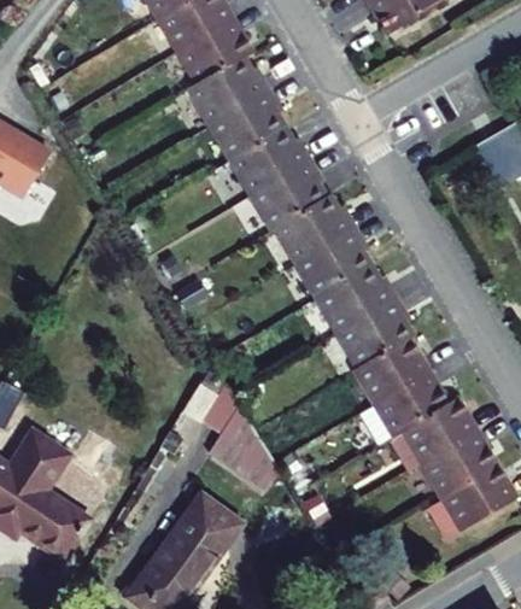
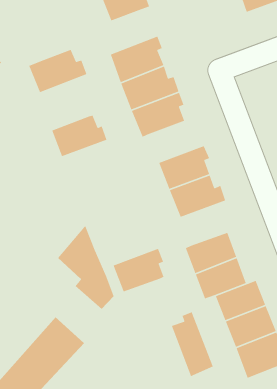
building: [181,51,264,118] -> [28,49,87,93]
building: [273,191,352,256] -> [51,115,108,157]
building: [335,293,409,362] -> [113,248,164,292]
building: none -> [171,311,214,377]

